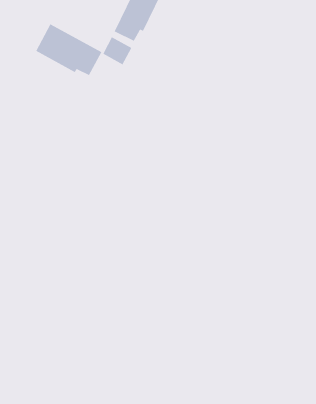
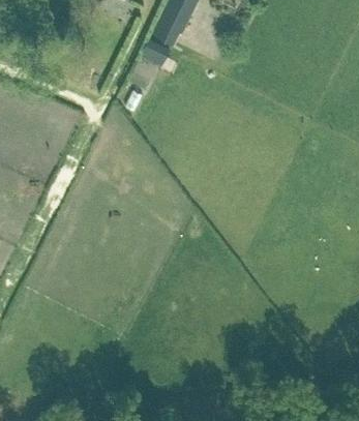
building: [36,23,102,76] -> none

